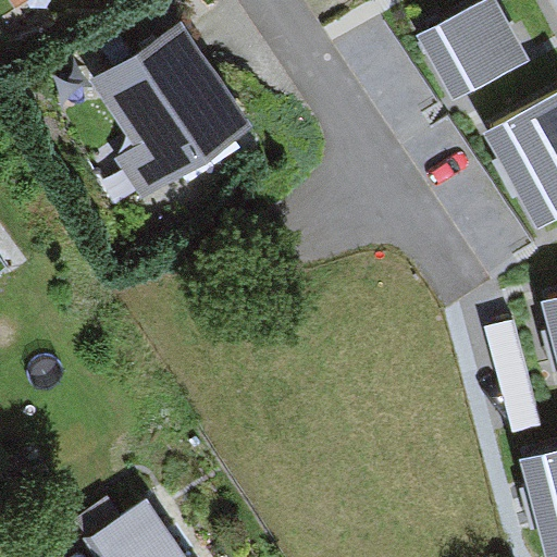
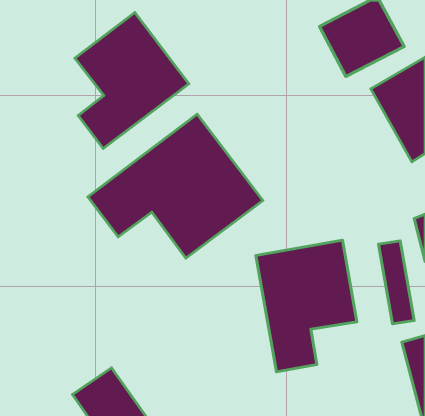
building: none -> [88,114,263,258]
building: none -> [256,240,357,372]

